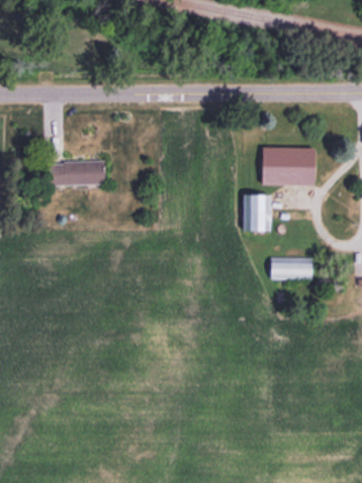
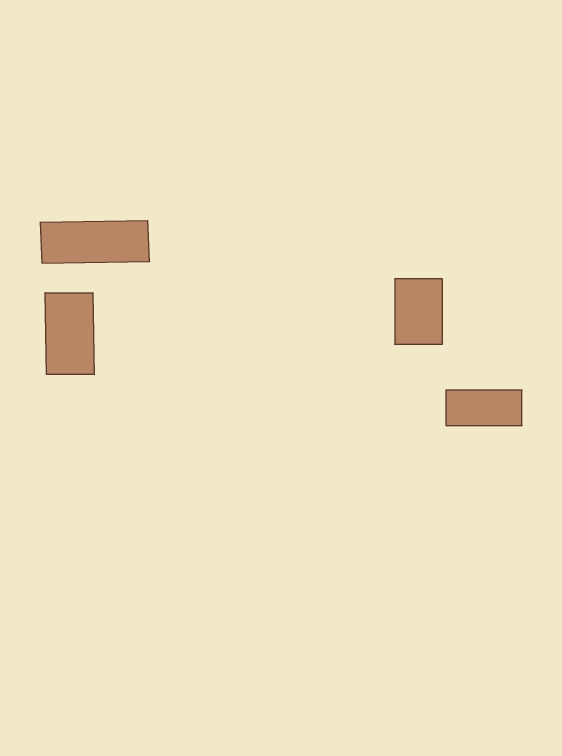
building: [260,148,318,185] -> none
building: none -> [45,293,94,375]

